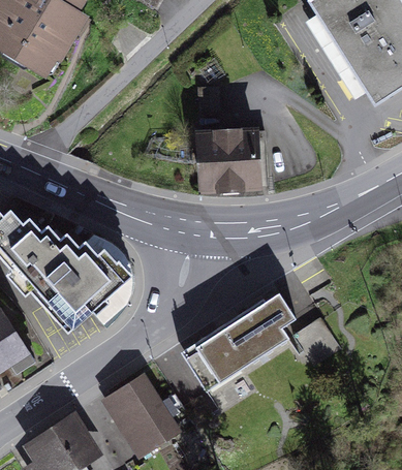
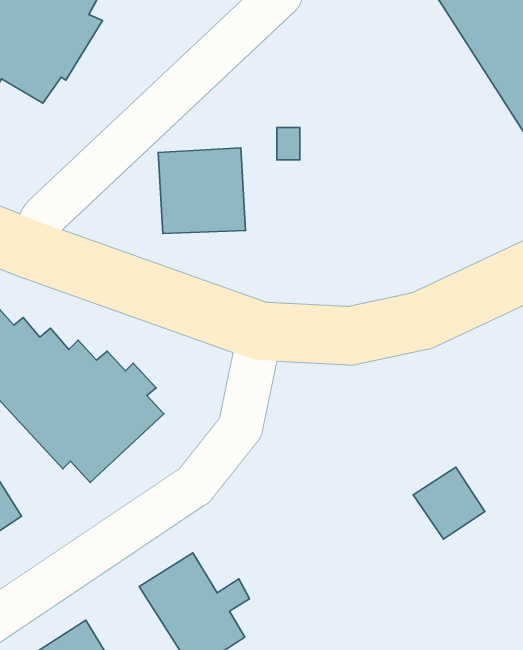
building: [199,131,258,189] -> [158,148,245,233]
building: [181,292,296,380] -> none

